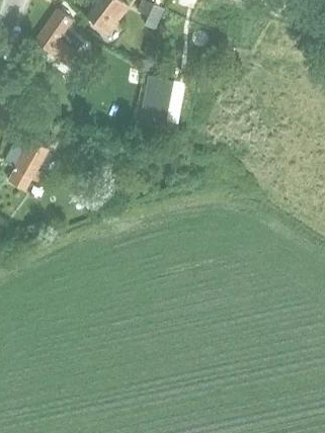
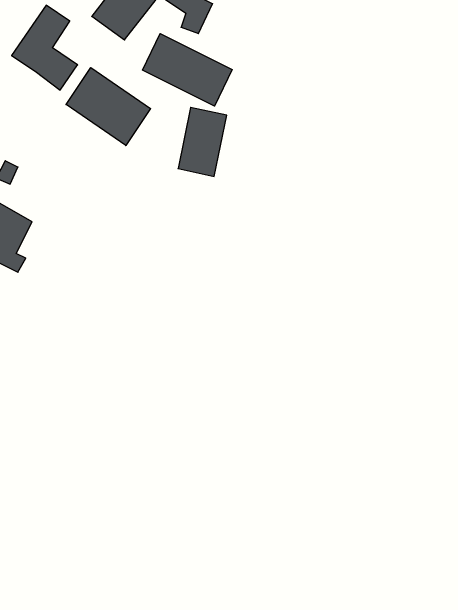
building: none -> [142,34,232,106]
building: none -> [66,68,151,146]

